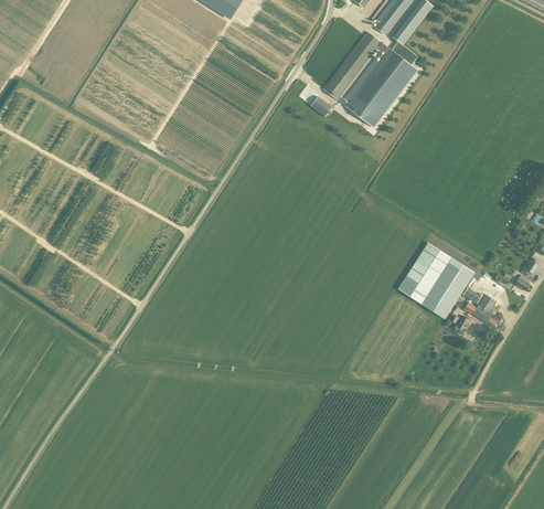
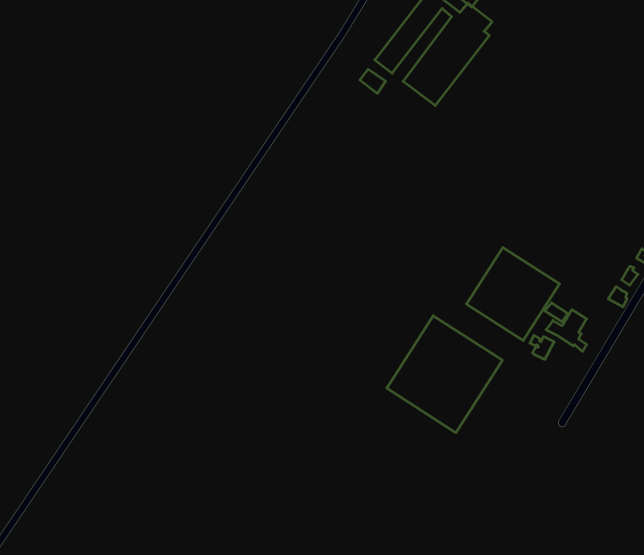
building: none -> [387,316,502,433]

